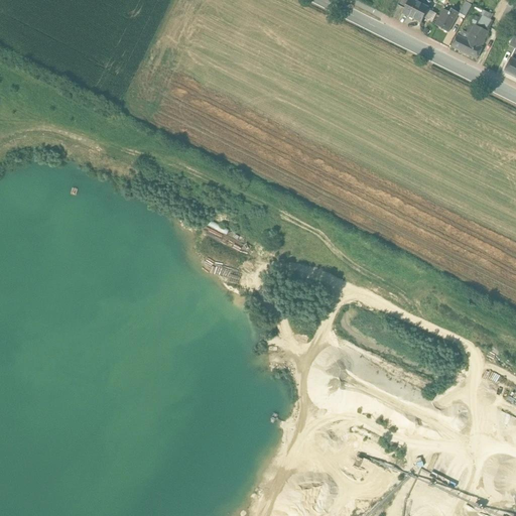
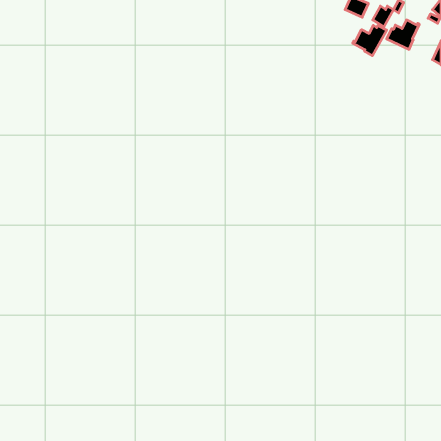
building: none -> [353,25,387,56]

